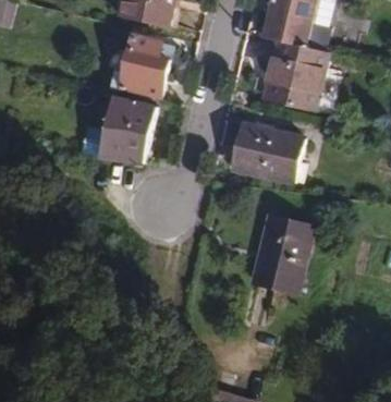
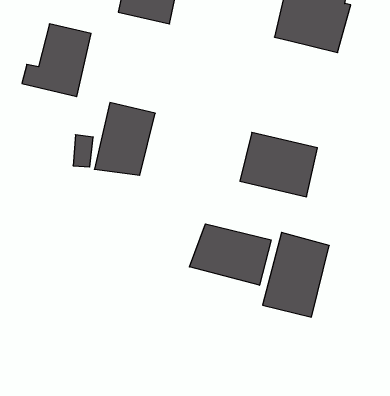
building: [107,34,170,100] -> [22,24,91,97]
building: [262,40,337,114] -> none
building: none -> [189,224,271,285]

